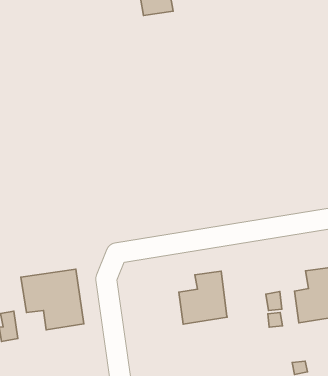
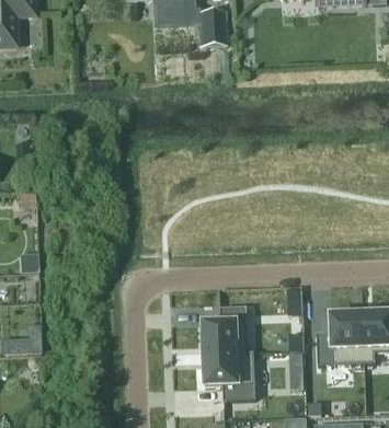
building: [21,269,84,330] -> none
building: none -> [205,351,256,400]

